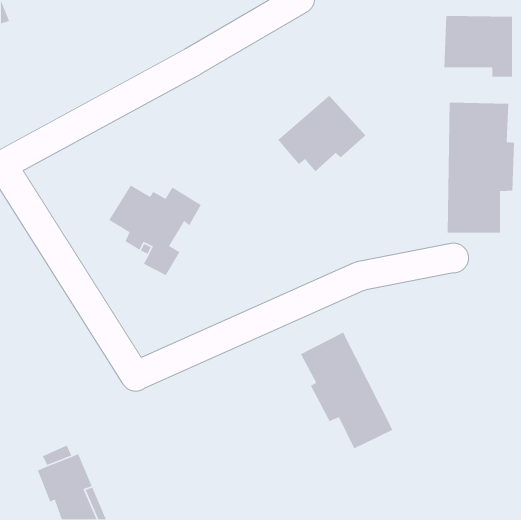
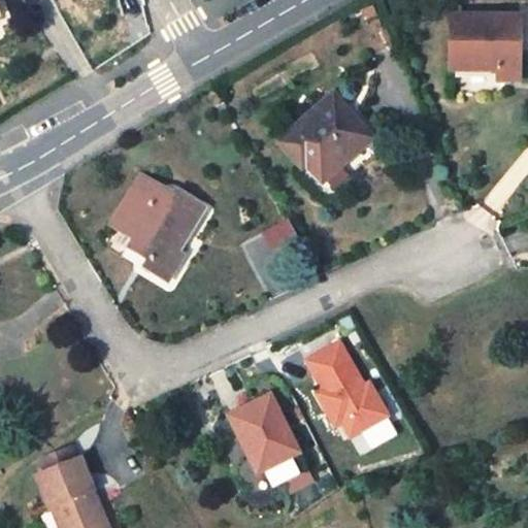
building: [447,102,515,233] -> none
building: none -> [228,394,307,482]

